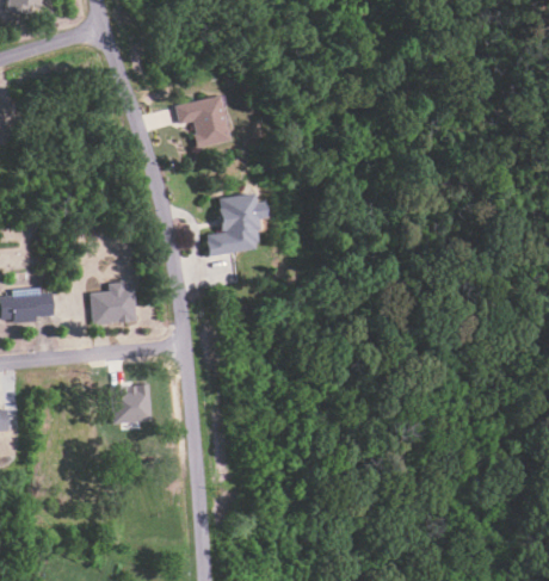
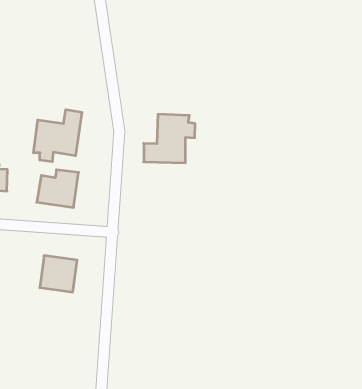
building: [174,95,229,148] -> none
building: none -> [34,110,82,162]

